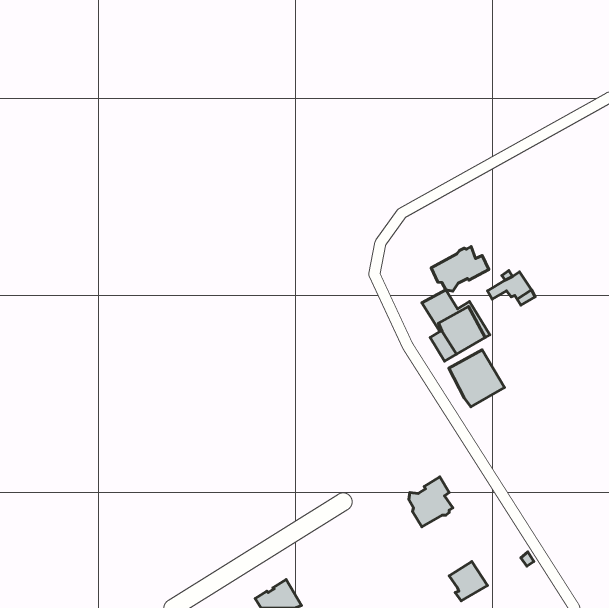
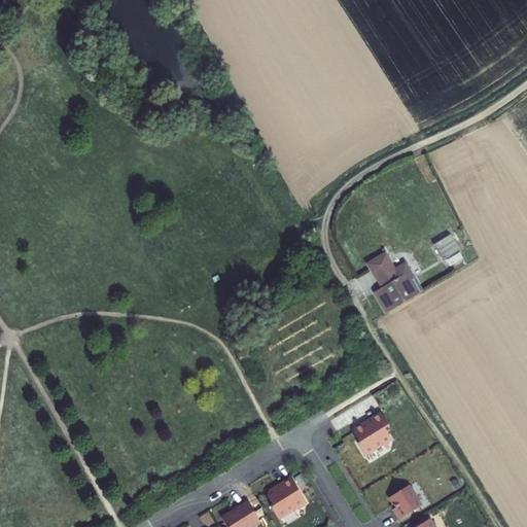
building: [431,247,489,291] -> none
building: [449,350,505,407] -> none
building: none -> [267,478,306,519]

